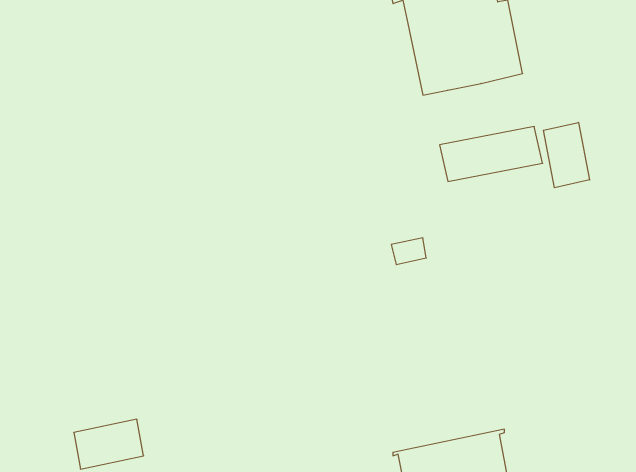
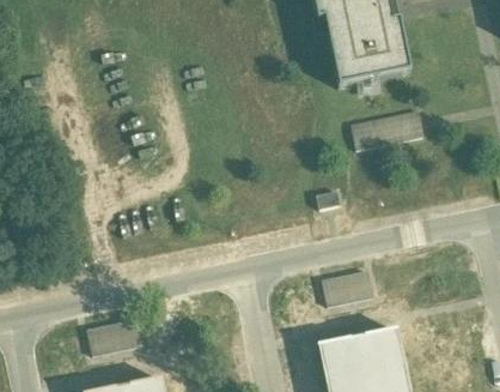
building: [543,122,590,188] -> none
building: none -> [322,271,372,307]

